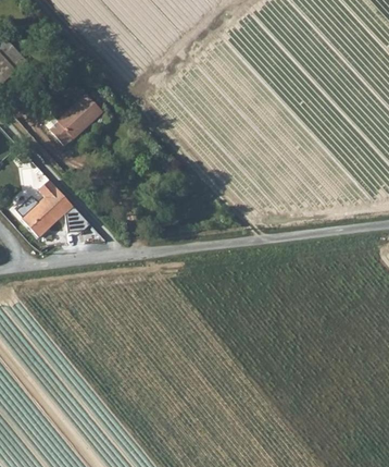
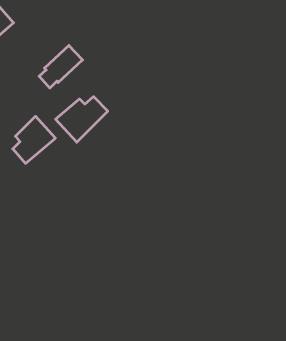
building: none -> [56,97,108,142]

